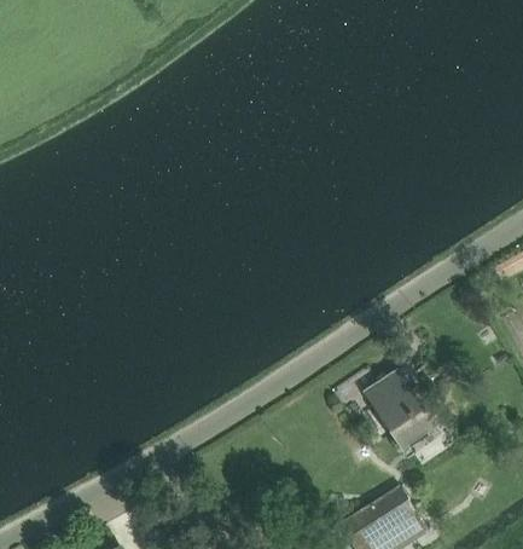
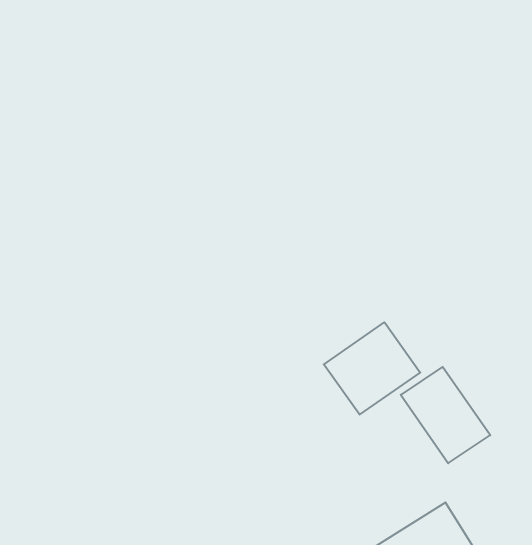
building: none -> [324,322,420,415]

